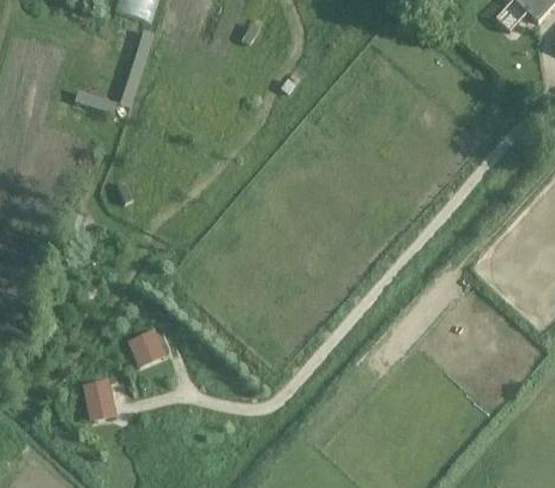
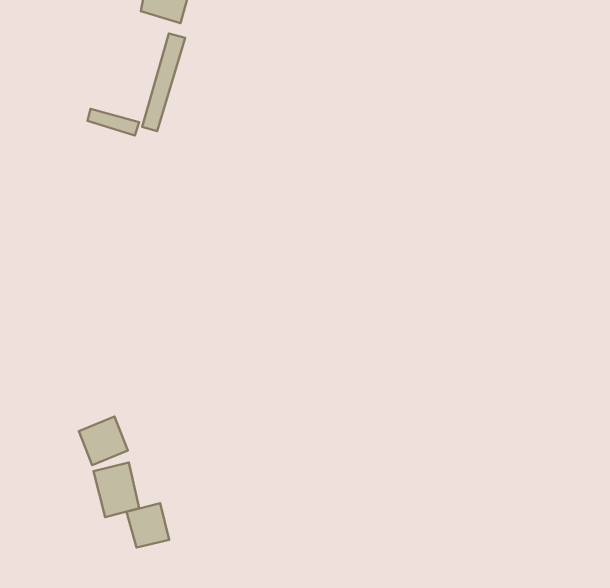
building: [128,327,168,367] -> [79,416,128,465]
building: none -> [126,503,169,548]

